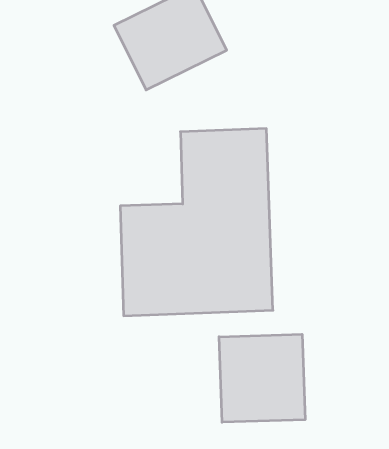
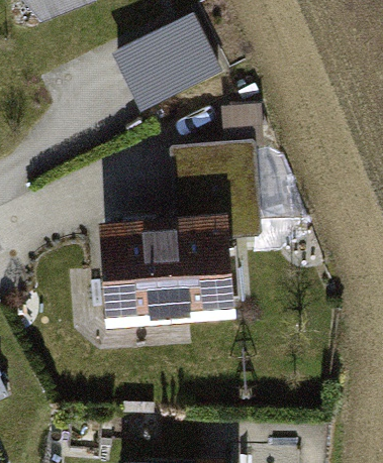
building: [219,334,305,422] -> none

